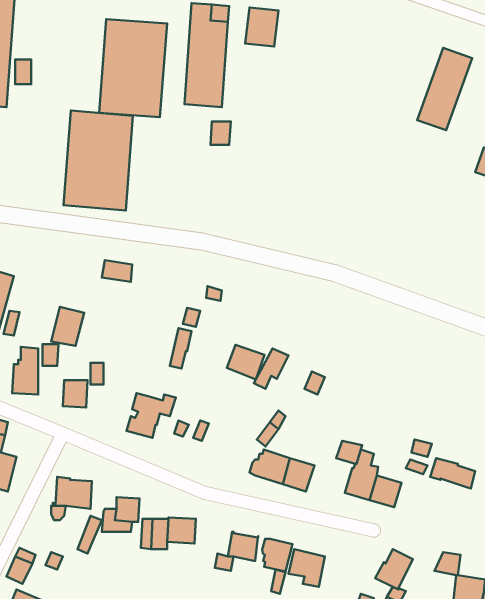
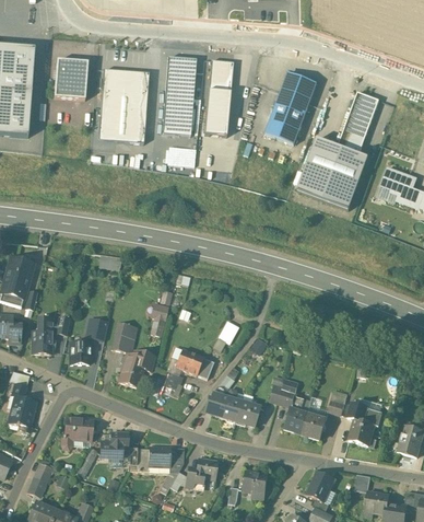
building: none -> [54,59,87,100]
building: none -> [266,71,317,143]
building: none -> [203,88,229,134]
building: none -> [299,138,367,206]
building: [64,111,133,210] -> none
building: [51,307,84,346] -> [111,322,137,351]
building: [227,345,264,380] -> [175,348,203,374]
building: none -> [349,417,375,444]
building: [262,539,293,571] -> none

